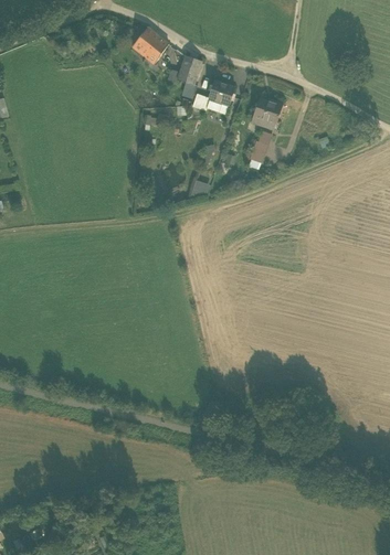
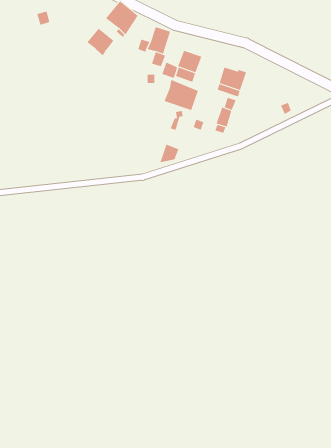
building: none -> [87,28,114,56]
building: none -> [164,80,198,111]

